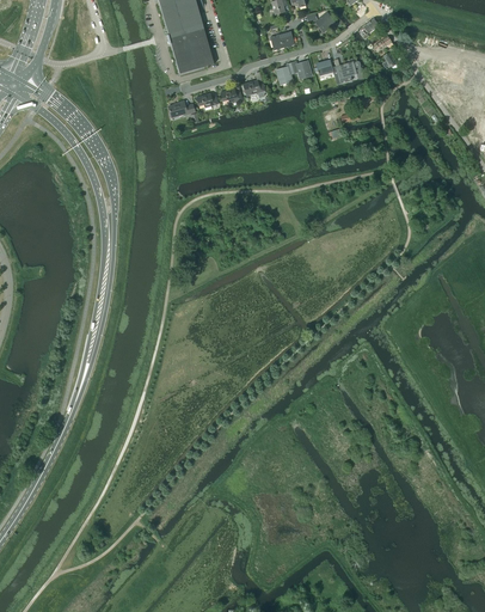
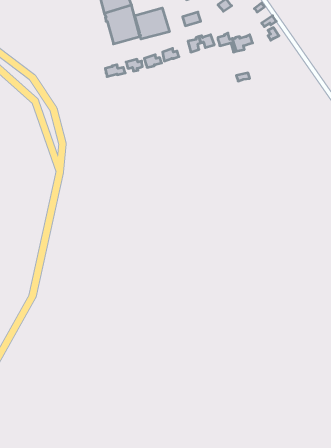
building: none -> [135,8,169,39]

